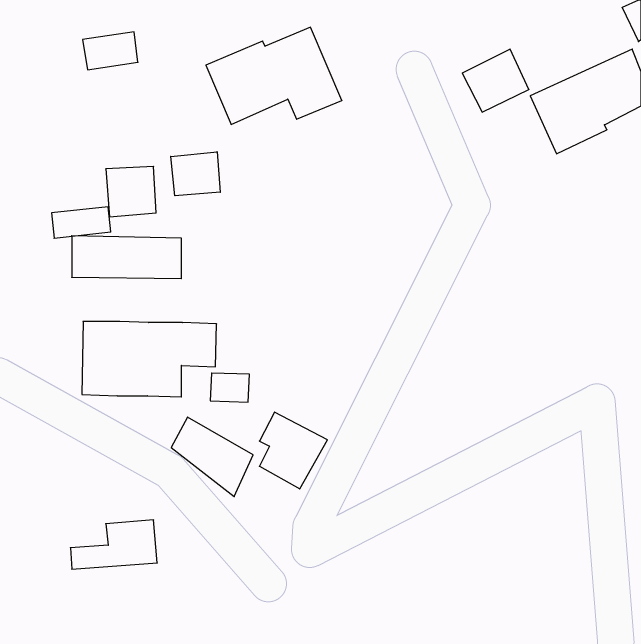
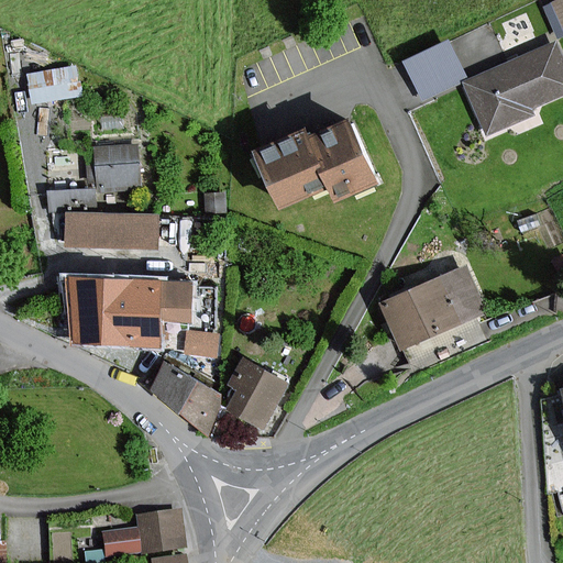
building: [206,27,342,124] -> [255,120,374,205]
building: [83,32,138,70] -> [27,68,76,101]
building: [171,152,220,196] -> none
building: none -> [382,267,484,360]
building: [70,520,157,569] -> [99,510,175,553]

